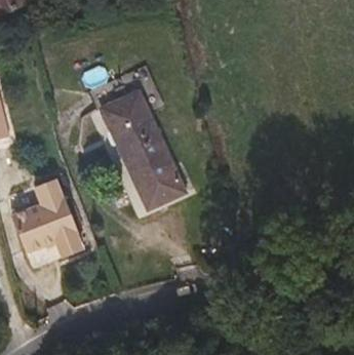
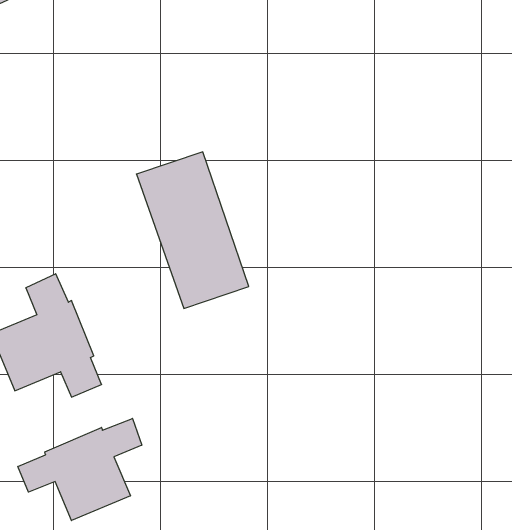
building: none -> [18,418,142,521]

